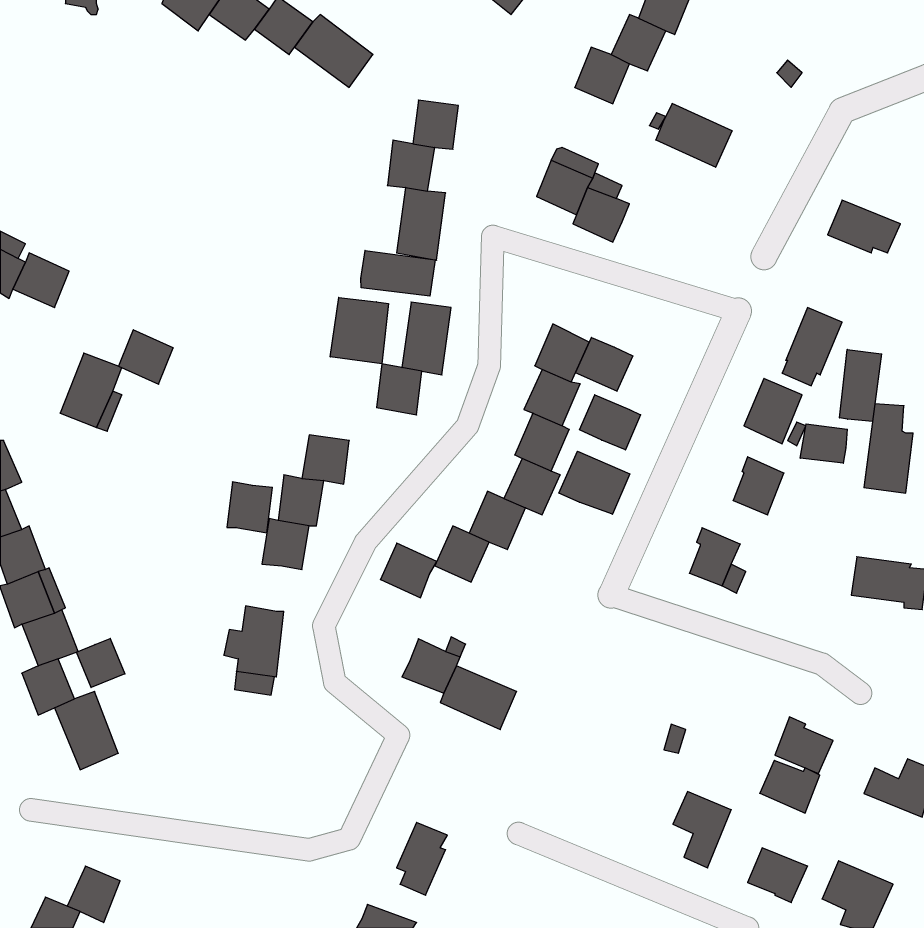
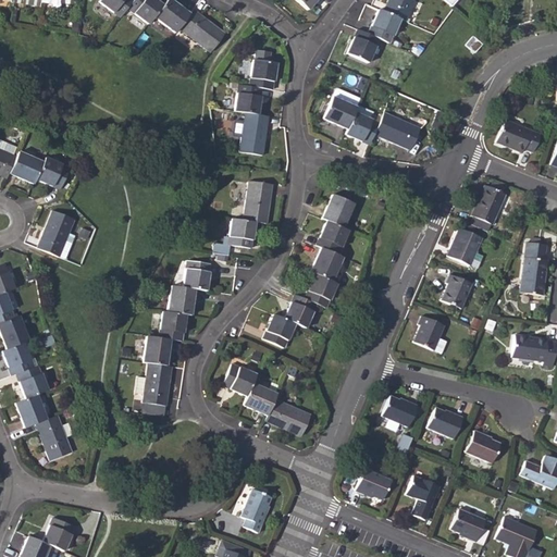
building: [656,104,732,167] -> [375,111,421,149]
building: [361,250,435,296] -> none
building: [330,297,388,364] -> none
building: [119,330,173,384] -> [38,157,71,189]
building: [575,337,633,391] -> none
building: [840,349,882,421] -> none
building: [580,395,641,450] -> none
building: [800,424,847,463] -> none
building: [559,451,630,514] -> none
building: [227,482,272,533] -> [145,335,172,366]
building: [380,543,437,598] -> [224,363,258,396]
building: [77,638,125,688] -> none
building: none -> [383,395,418,425]
building: [760,760,820,813] -> [428,407,463,438]
building: none -> [357,468,392,498]

